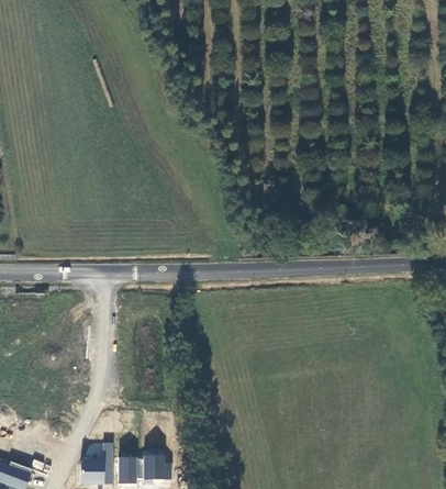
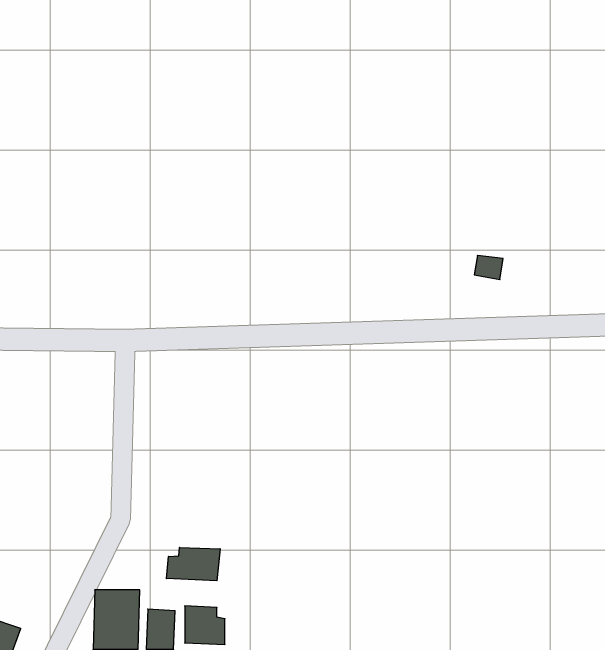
building: none -> [166,547,220,581]

